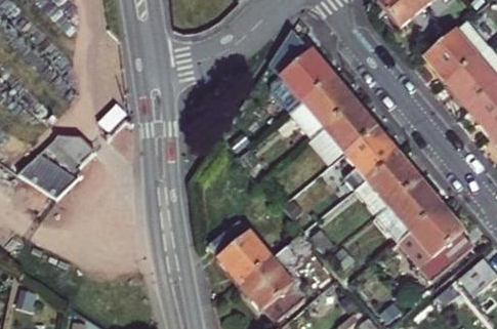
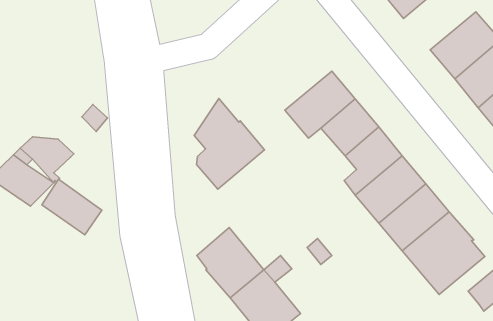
building: [268,28,333,111] -> [194,99,265,189]
building: none -> [42,179,102,235]

